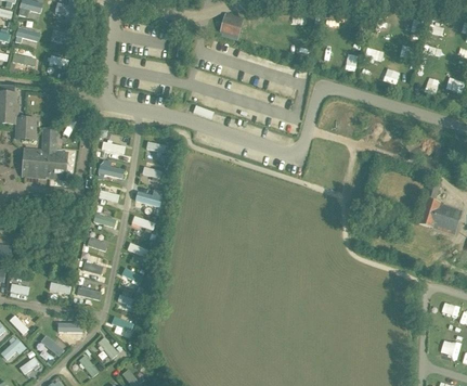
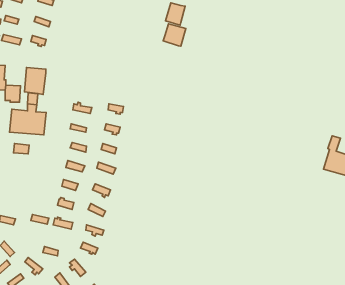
building: none -> [163,24,186,46]
building: none -> [24,68,46,94]

